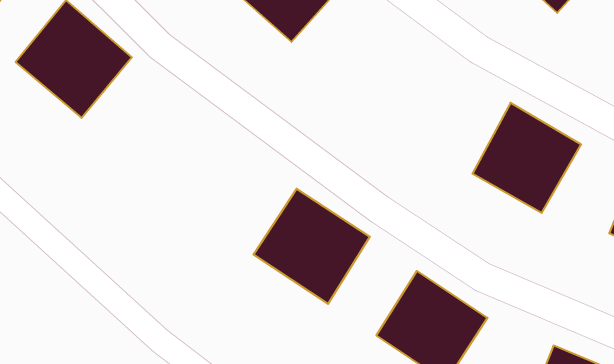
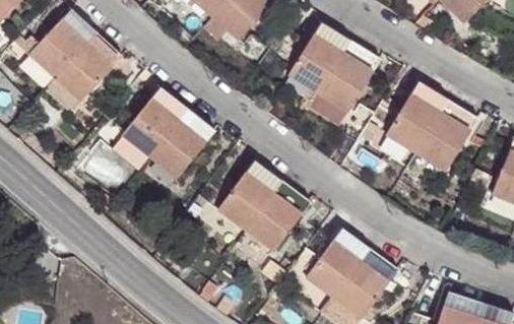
building: none -> [291,28,383,121]
building: none -> [117,87,210,180]

